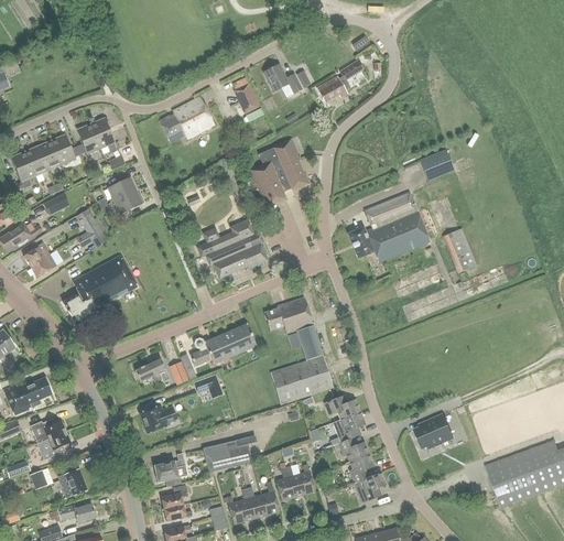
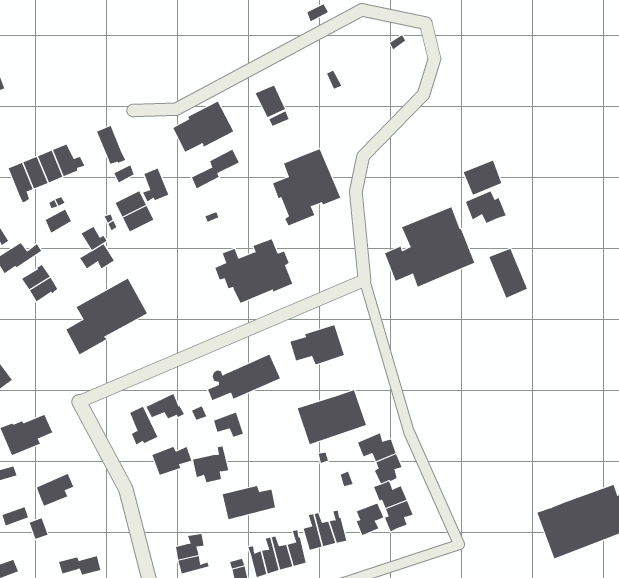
building: [316,59,364,102] -> none
building: [263,63,302,93] -> none
building: [76,123,100,154] -> [142,168,169,202]
building: none -> [191,149,240,189]
building: none -> [465,191,506,224]
building: [286,324,322,360] -> none
building: none -> [129,406,158,446]
building: [413,413,453,447] -> none
building: [30,420,65,442] -> none
building: [154,453,187,486] -> [192,446,229,483]
building: [57,468,86,497] -> none
building: [360,472,386,501] -> [356,503,384,536]

